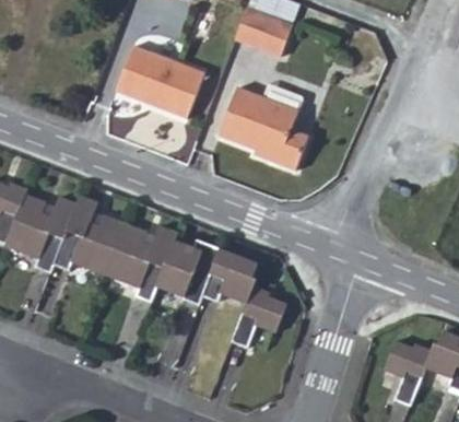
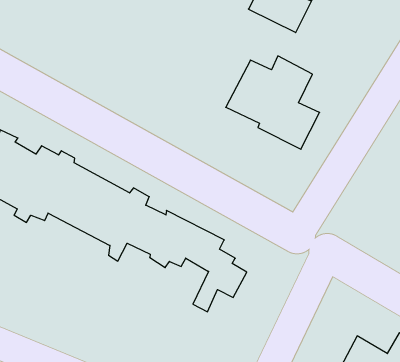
building: [129,47,215,119] -> none

